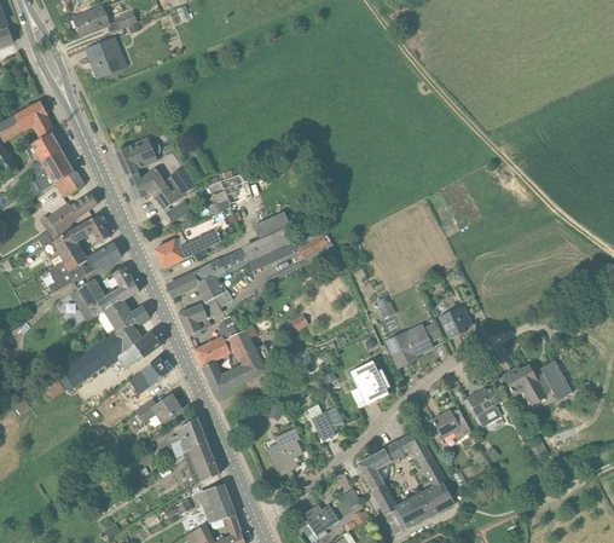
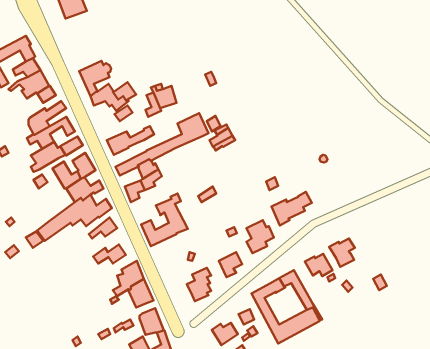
building: [439,305,473,339] -> none
building: [196,314,238,366] -> none
building: [504,360,572,405] -> none

